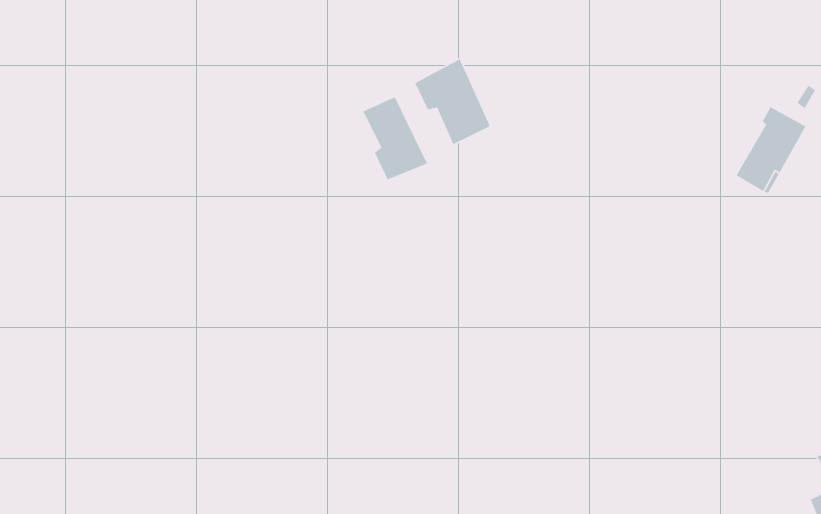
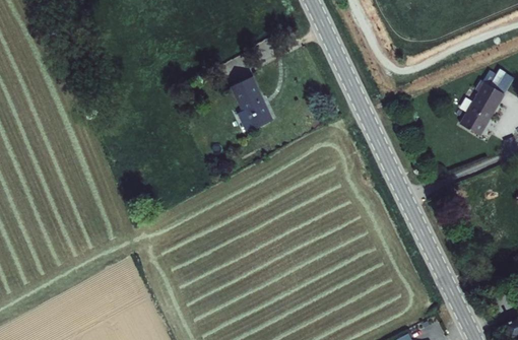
building: [414,58,491,145] -> none

